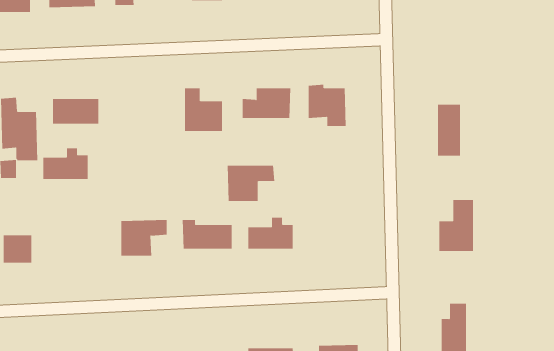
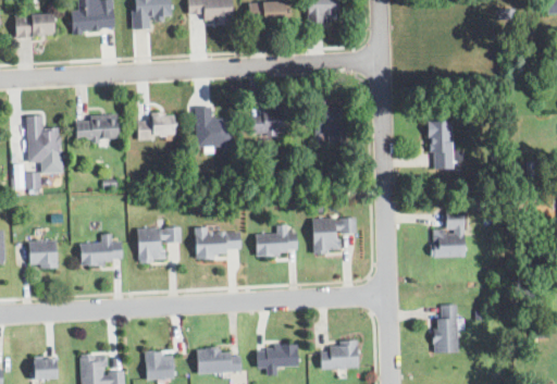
building: none -> [137,116,174,139]
building: [42,148,88,179] -> [81,235,123,264]
building: [227,165,275,202] -> [312,218,357,251]

